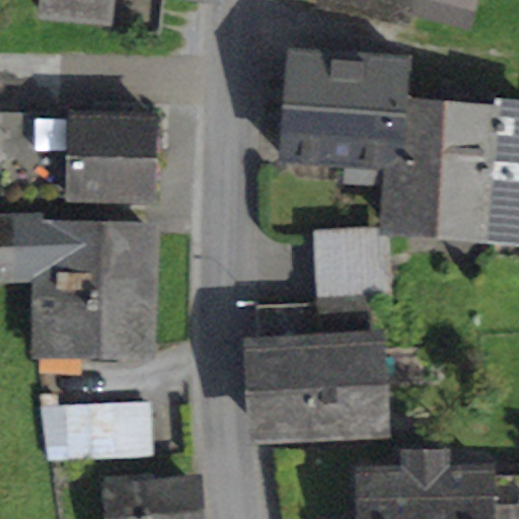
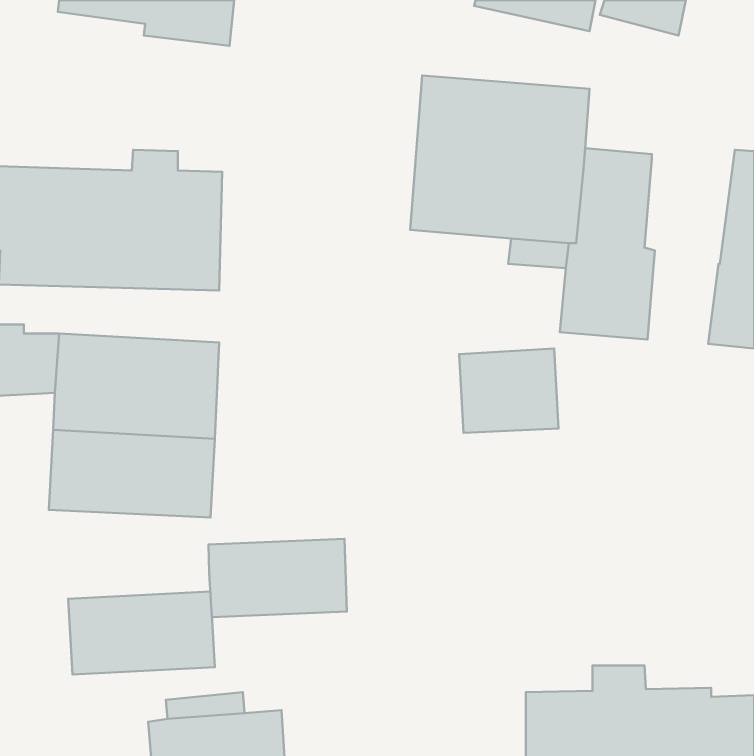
building: [441,101,503,236] -> none
building: [252,302,378,431] -> none
building: none -> [208,539,347,617]

